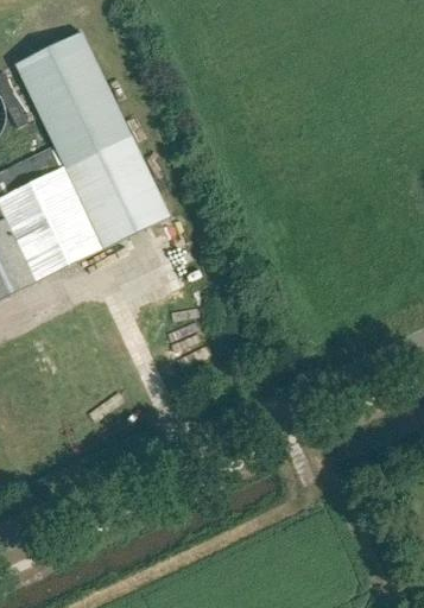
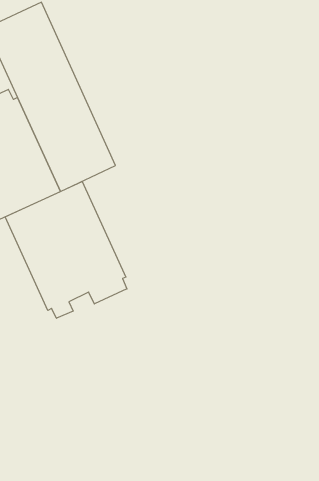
building: none -> [5,181,127,318]

